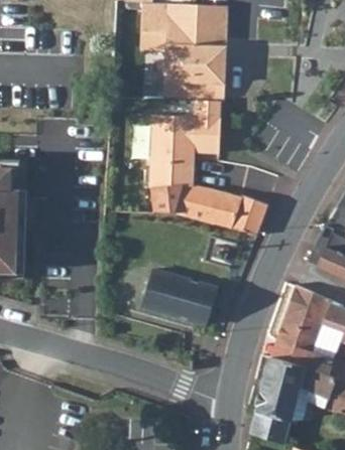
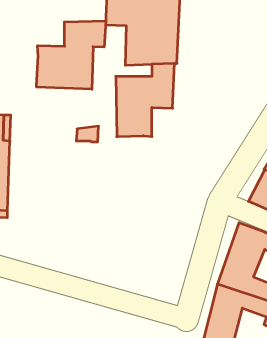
building: none -> [37,21,106,89]
building: [153,185,268,237] -> none
building: [142,271,219,325] -> none

